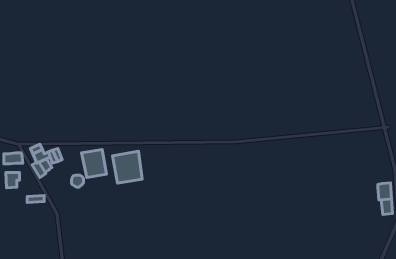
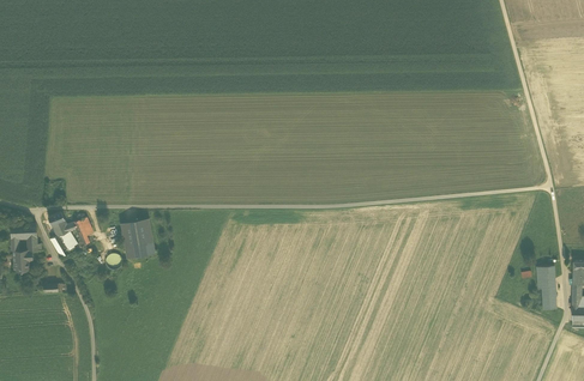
building: [113,151,142,183] -> none

